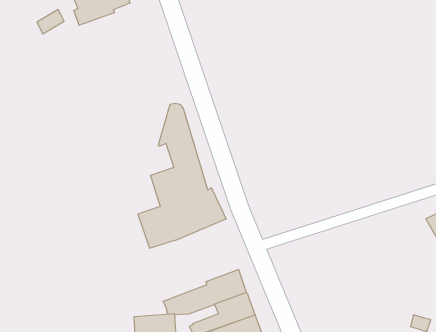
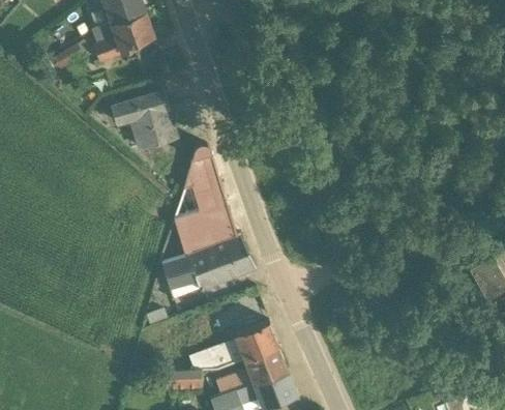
building: none -> [110,90,177,150]

